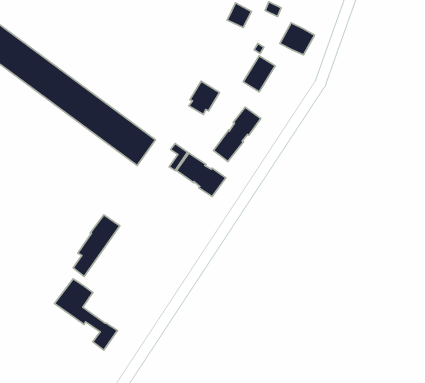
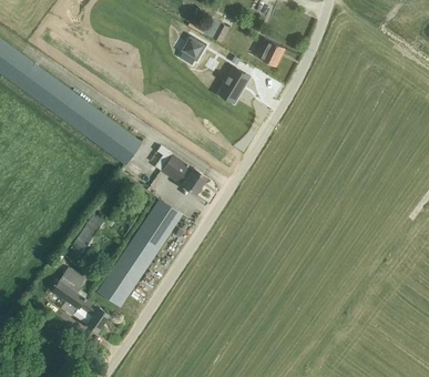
building: [189,81,219,115] -> [178,34,206,64]
building: [214,107,261,161] -> none
building: none -> [96,198,181,306]

